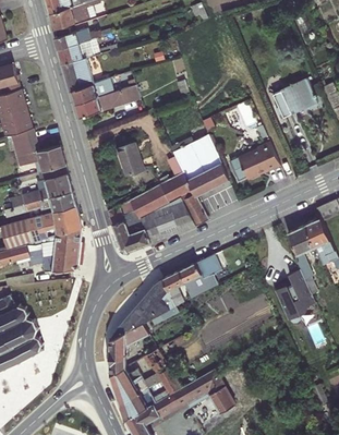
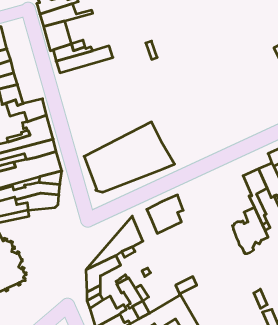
building: [271,80,316,119] -> none
building: [170,131,228,196] -> none
building: [117,143,143,176] -> none
building: [229,143,280,182] -> none
building: [161,271,183,307] -> none

